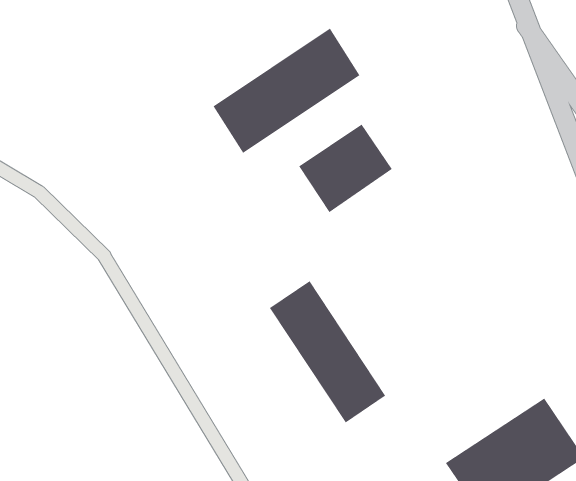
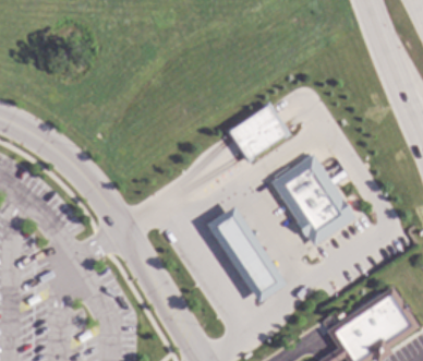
building: [212,28,361,154] -> none
building: none -> [270,155,354,248]

